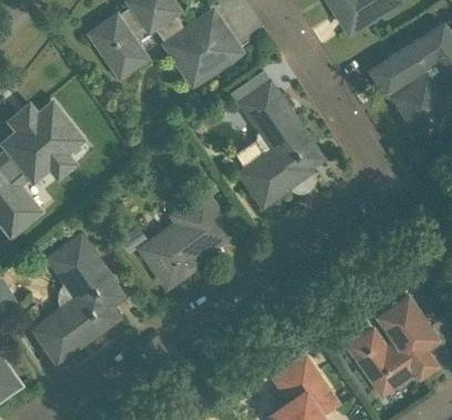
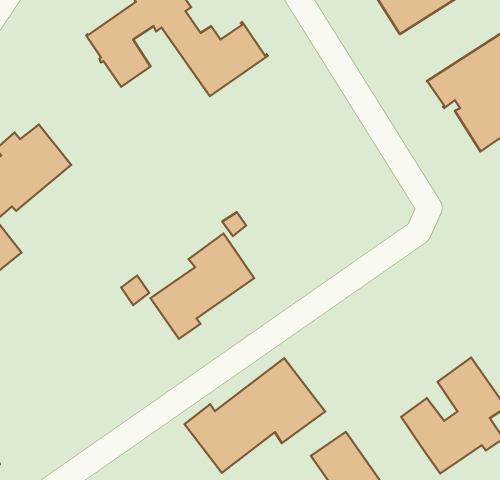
building: [242,84,312,203] -> none
building: [35,237,117,359] -> none
building: none -> [185,358,325,473]

